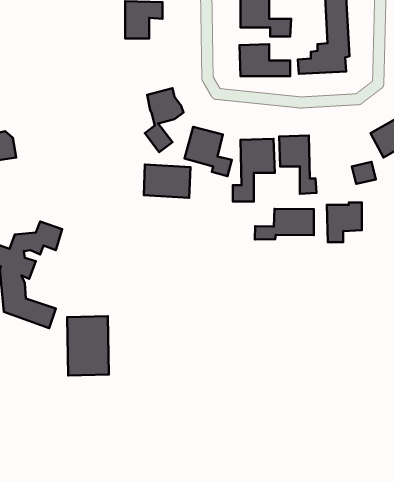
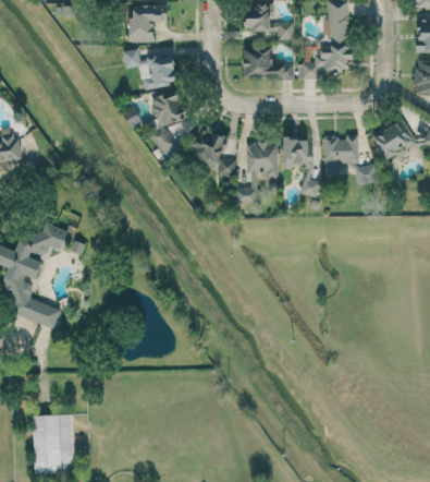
building: none -> [123,48,177,89]
building: [144,165,190,198] -> none
building: [327,203,362,242] -> [323,134,358,173]
building: [255,209,314,239] -> none
building: [67,316,109,376] -> [33,414,74,473]

